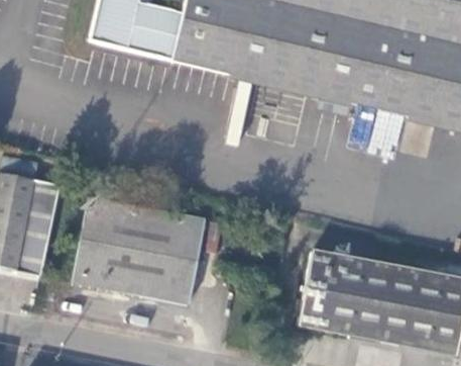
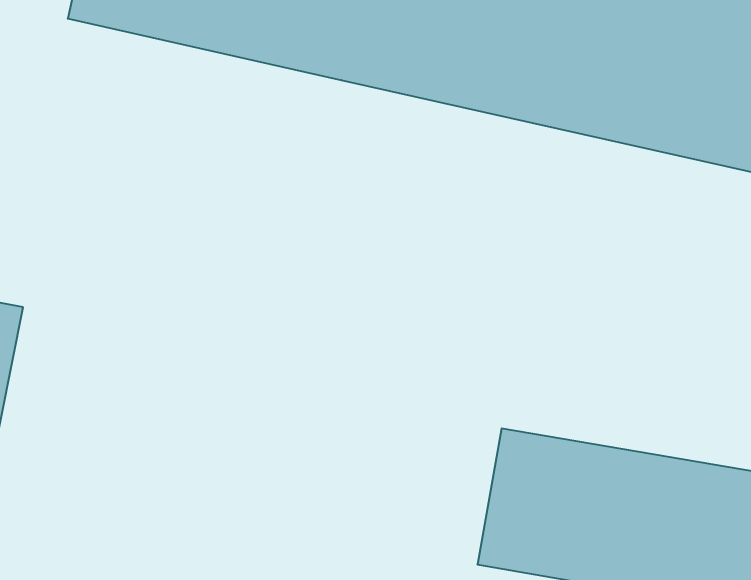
building: [75,200,206,307] -> none

